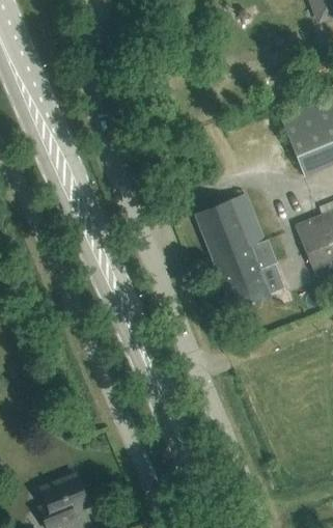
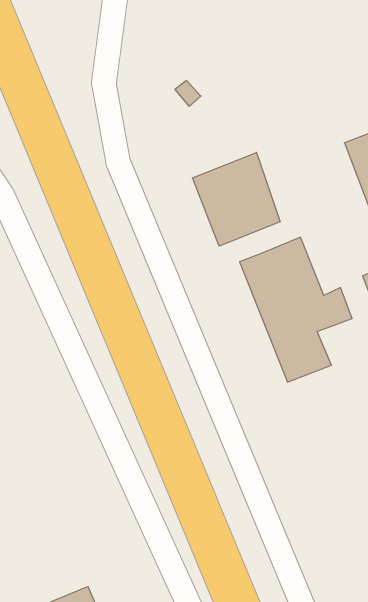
building: none -> [192,152,280,246]

